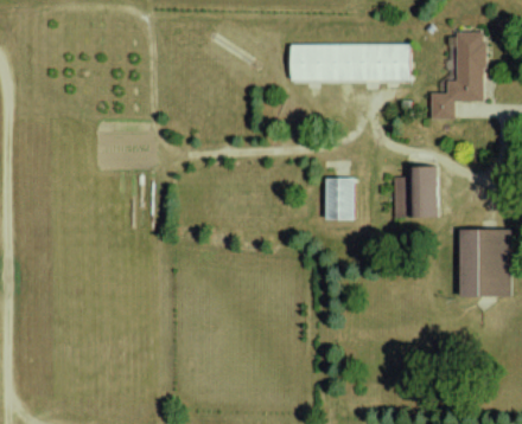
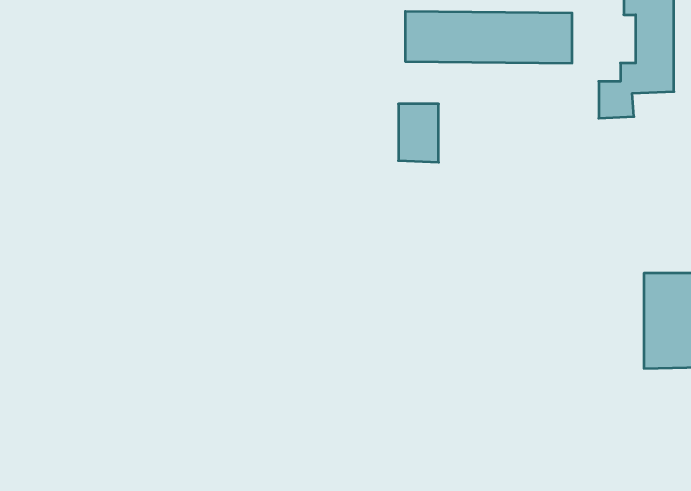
building: [389,167,437,218] -> none
building: [326,179,355,220] -> [398,104,439,162]

